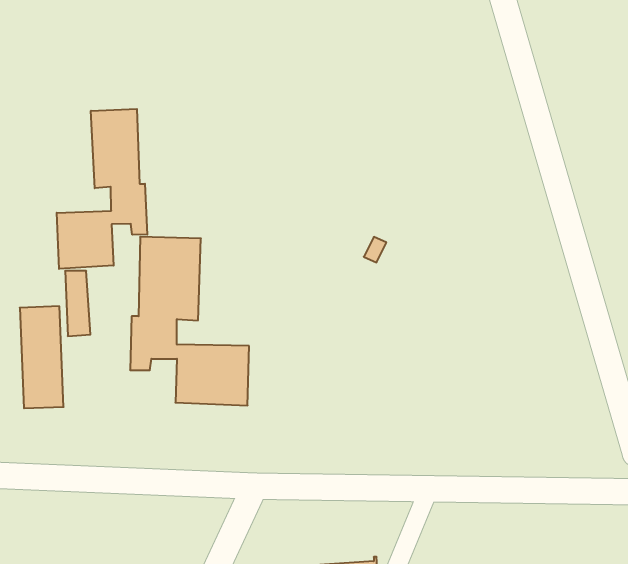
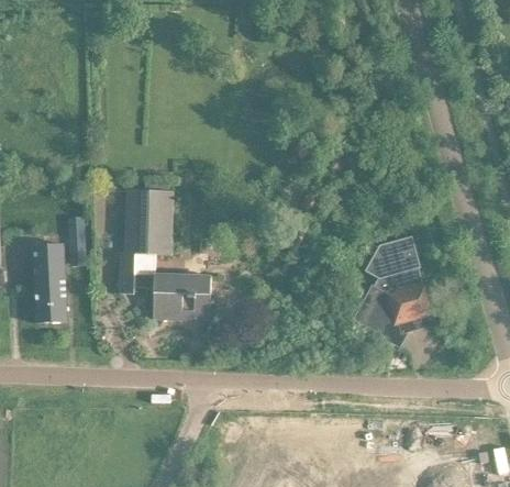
building: [57,109,147,269] -> none
building: none -> [354,236,433,354]

